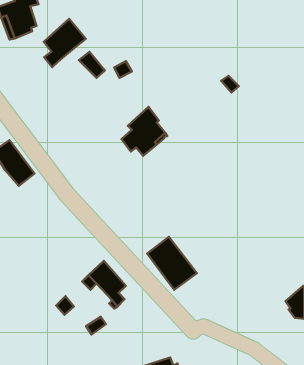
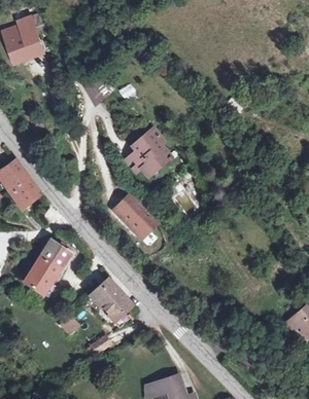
building: [44,19,86,67] -> none
building: none -> [24,239,69,294]
building: [147,237,197,290] -> [109,188,159,241]

